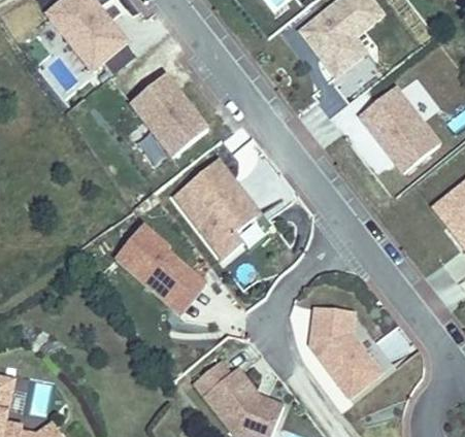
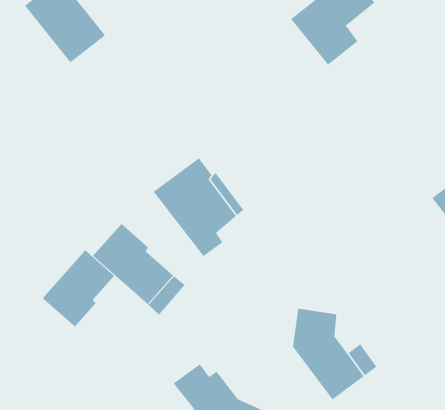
building: [127,73,204,155] -> none
building: [366,82,446,167] -> none
building: none -> [42,250,115,327]

